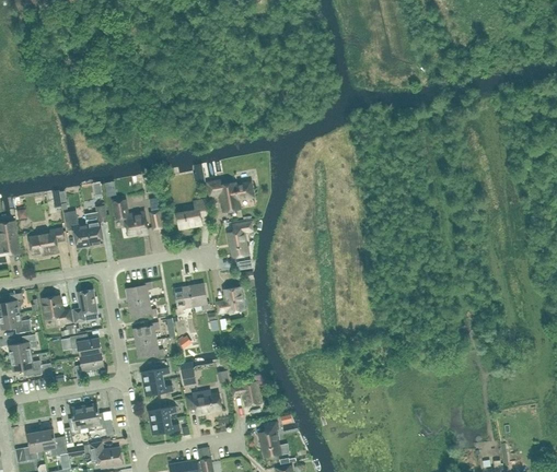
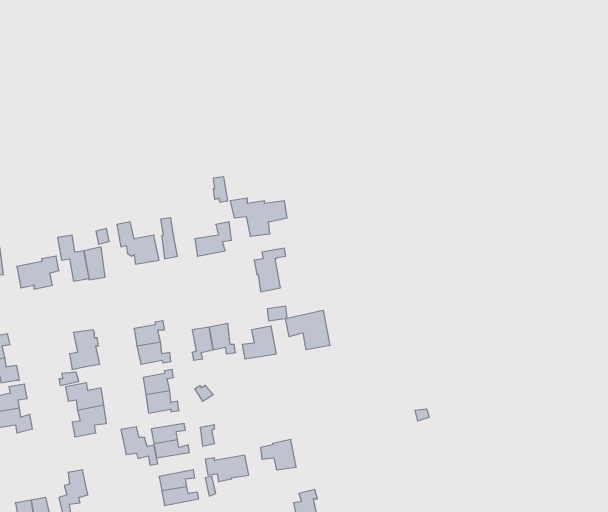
building: none -> [286,310,330,350]
building: [43,295,73,324] -> none
building: [84,403,115,435] -> [121,427,158,465]

